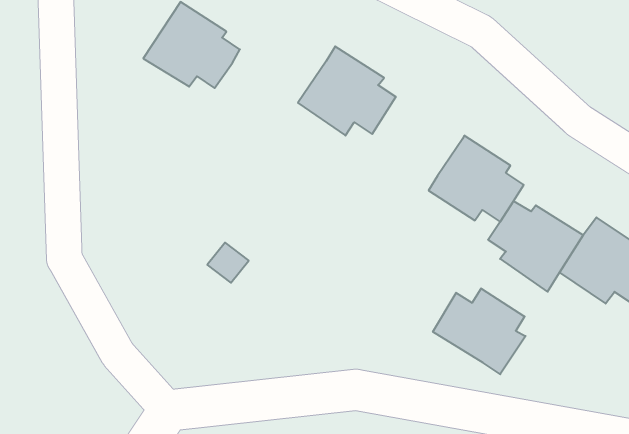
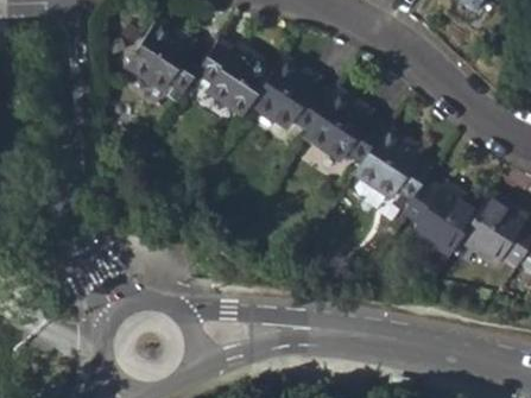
building: none -> [198,44,273,116]
building: none -> [304,94,383,164]
building: [433,288,526,374] -> none

